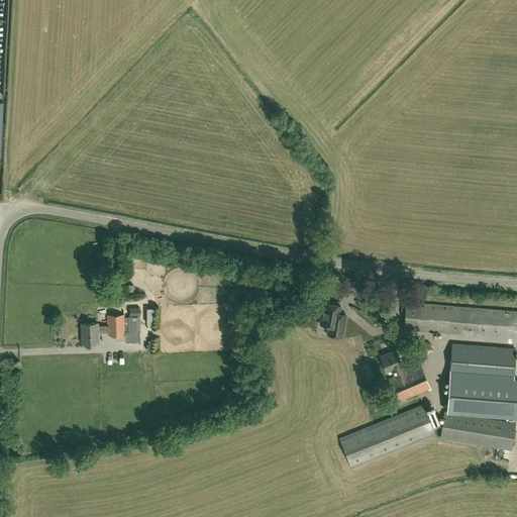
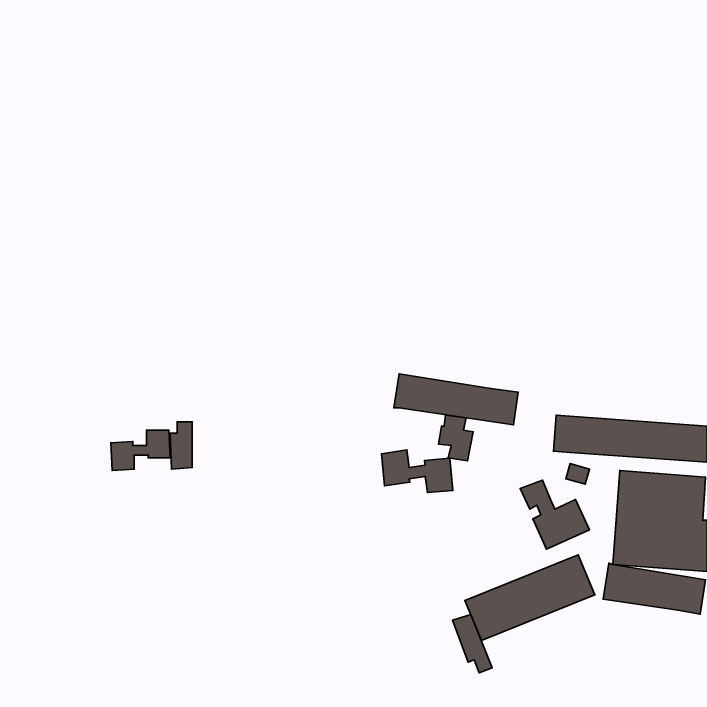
building: none -> [394,374,518,425]
building: none -> [381,450,453,493]
building: none -> [453,615,492,673]

